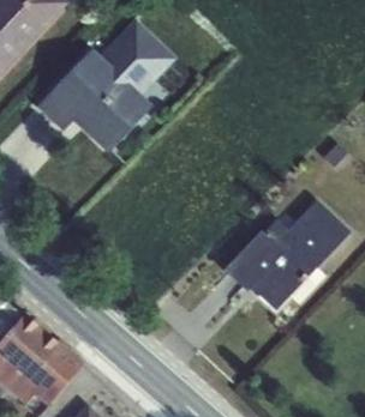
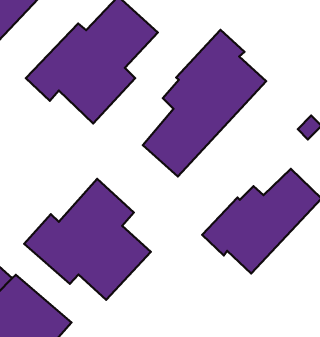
building: none -> [143,30,266,177]
building: none -> [24,179,151,300]

